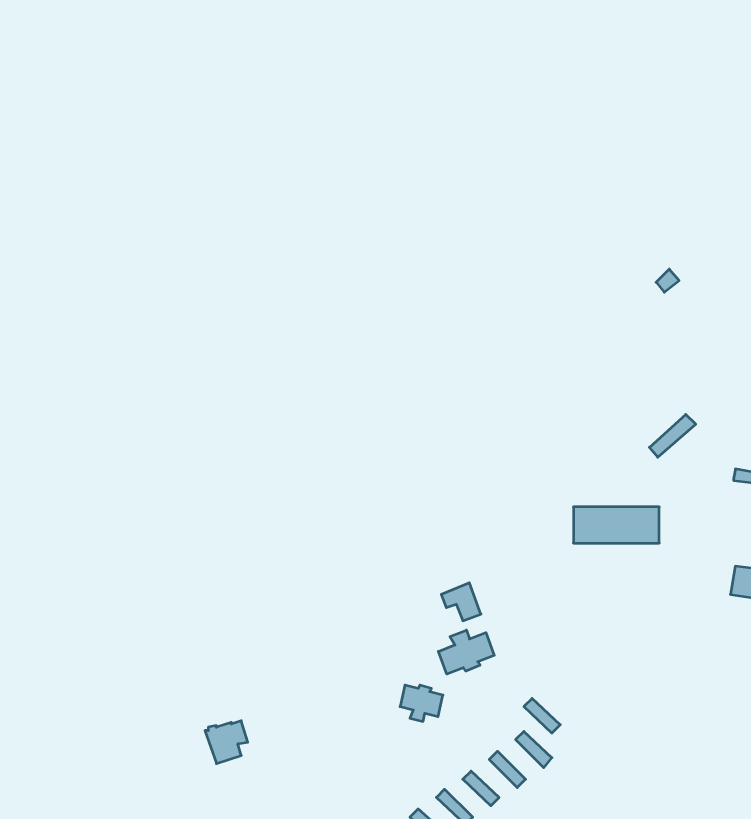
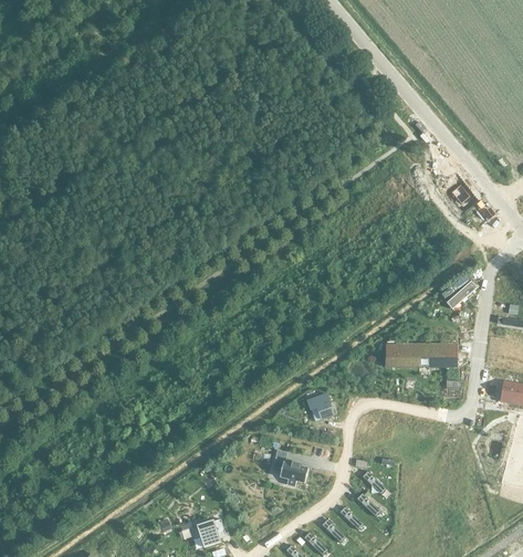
building: [438,630,494,674] -> none
building: [205,721,248,764] -> [196,517,224,546]

